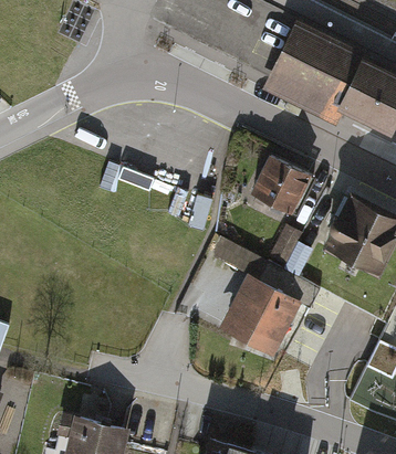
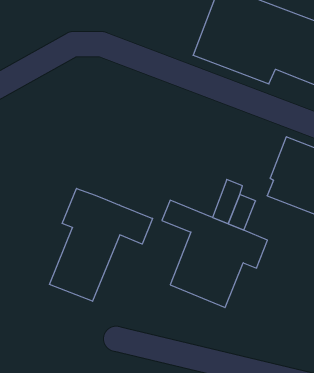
building: [251,154,315,213] -> none
building: none -> [50,188,153,301]

